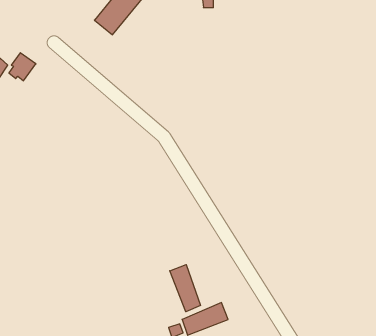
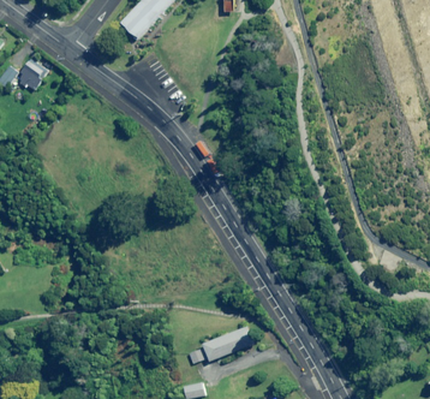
building: [170,265,201,312] -> none

